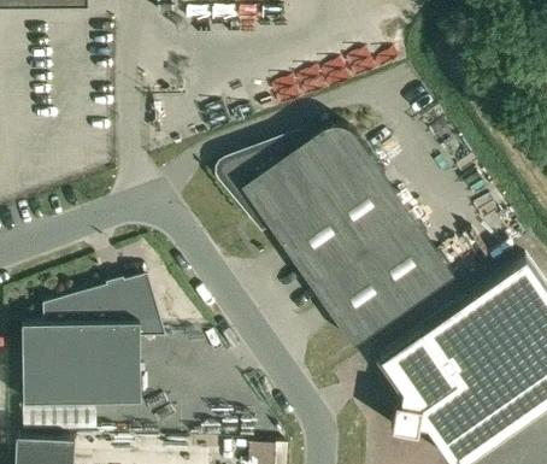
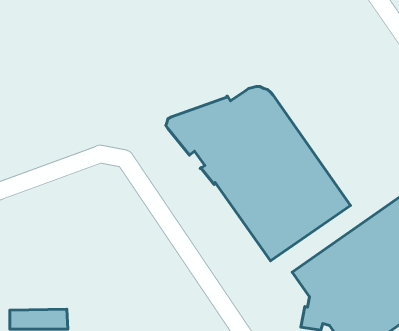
building: [22,281,161,405] -> none

